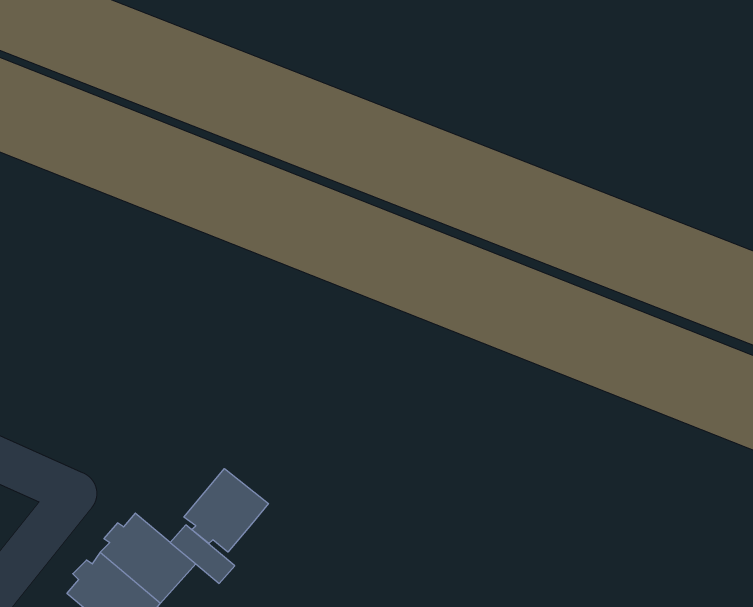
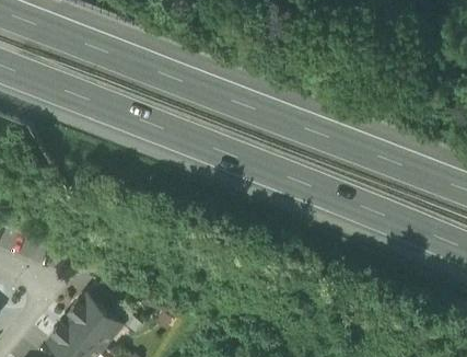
building: [184,469,268,552] -> none

